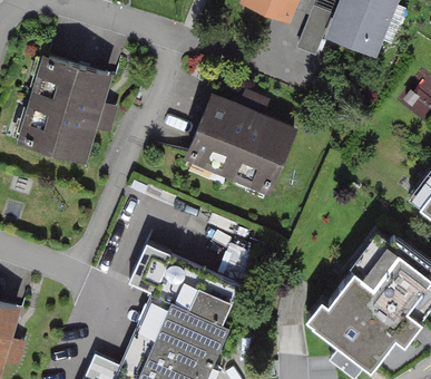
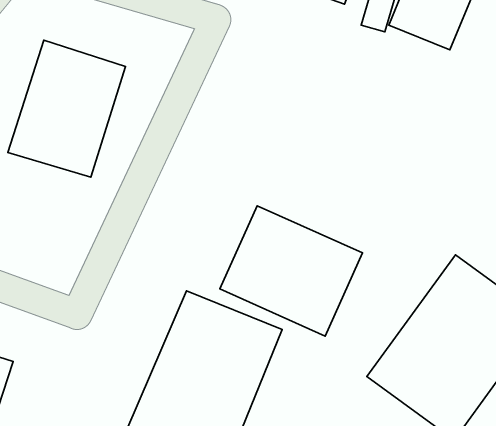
building: [180,95,295,200] -> [220,206,363,336]

